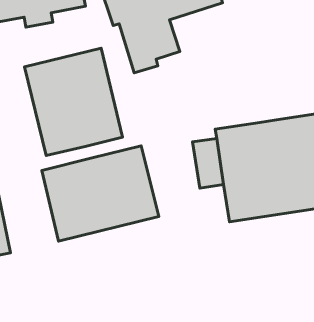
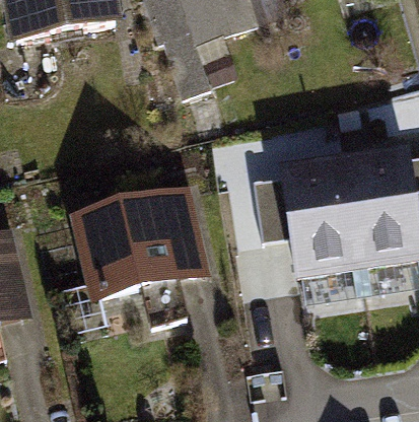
building: [24,48,122,155] -> none

